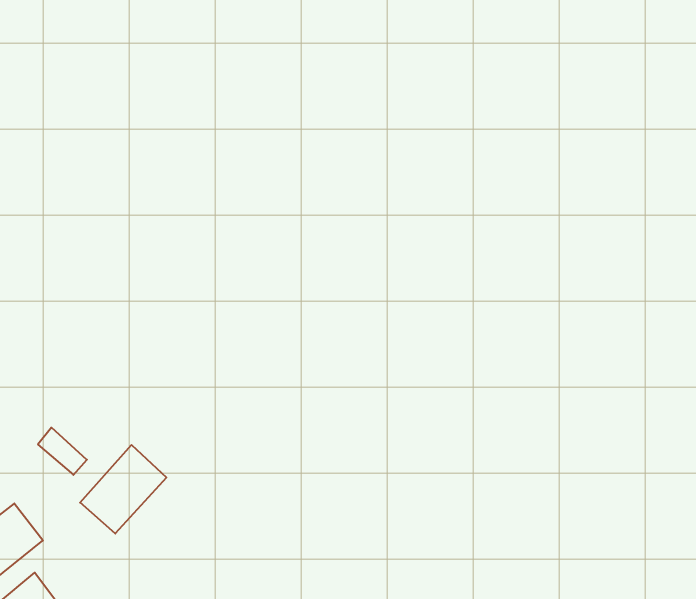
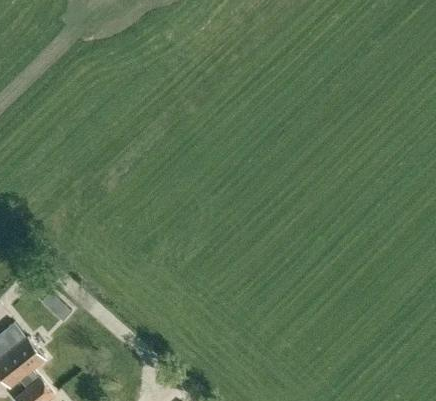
building: [80,445,166,534] -> none

